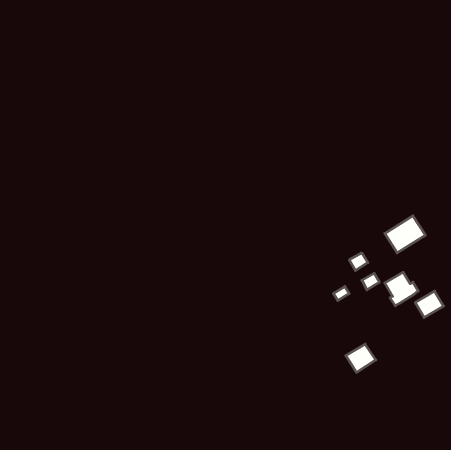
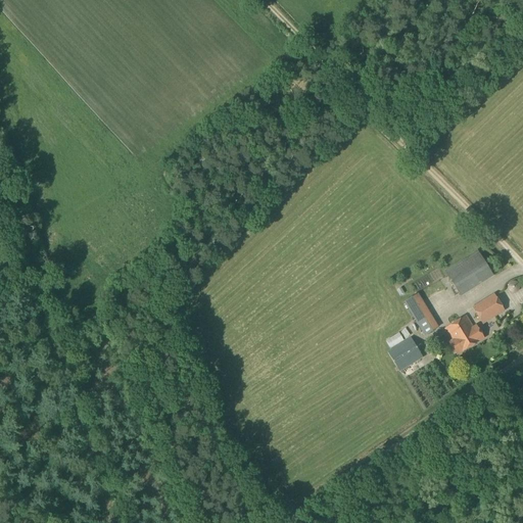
building: [415,291,444,318] -> [473,292,506,323]
building: [346,344,376,372] -> [388,338,423,371]

